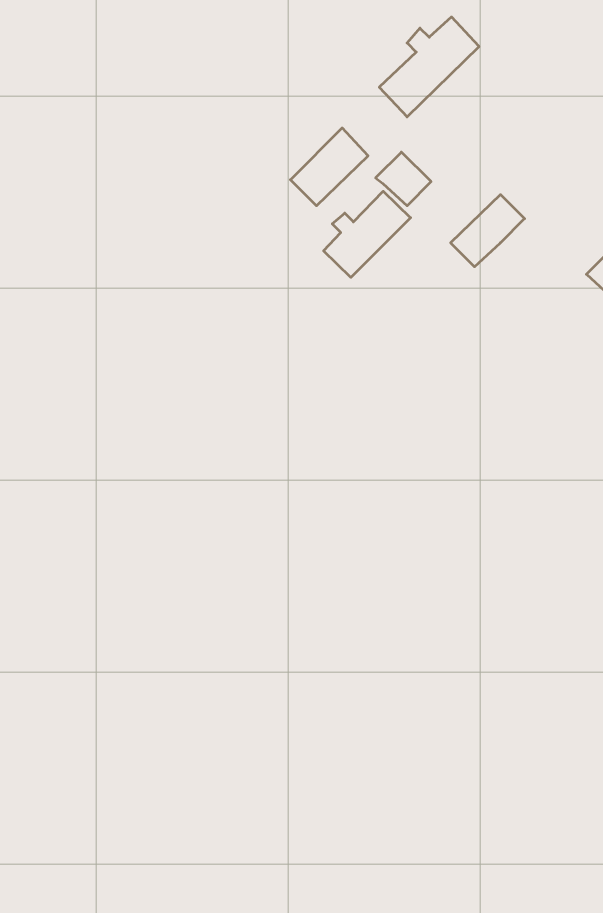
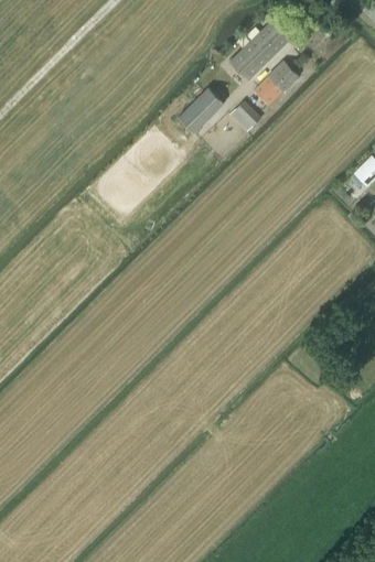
building: [324,191,411,277] -> none
building: [451,195,525,267] -> [254,62,298,105]

